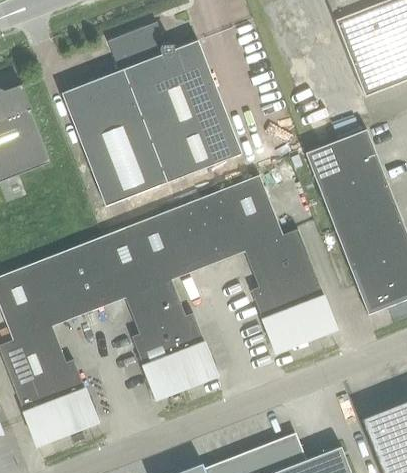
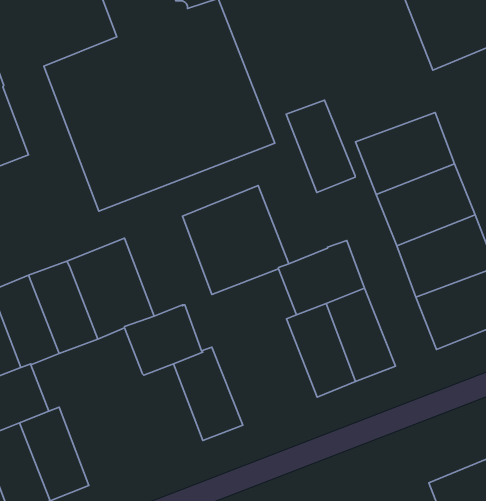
building: [229,176,283,248] -> [286,100,355,192]
building: [125,211,193,289] -> none
building: [132,326,186,398] -> none

